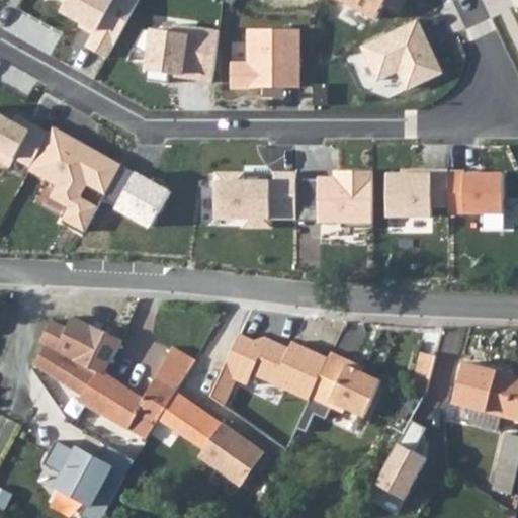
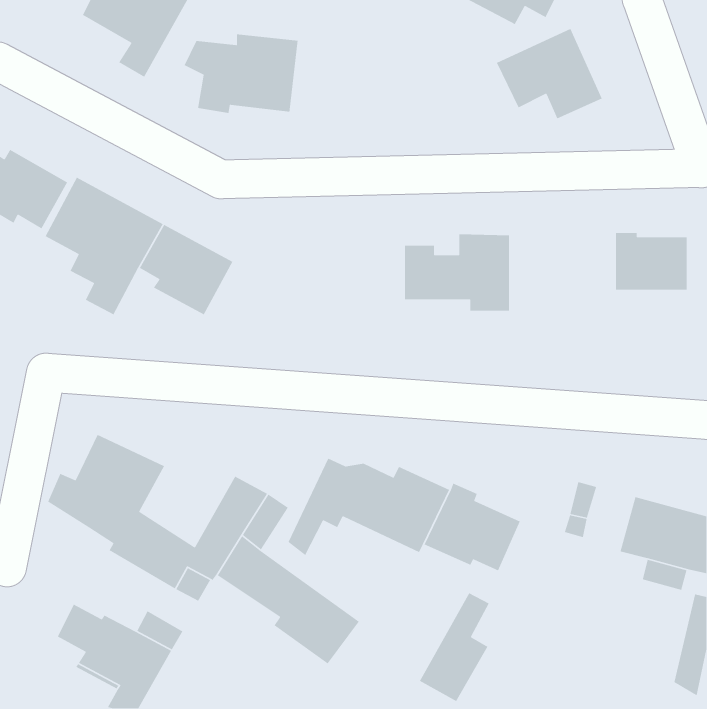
building: [229,28,296,88] -> none
building: [385,168,430,218] -> none
building: [213,172,294,227] -> none
building: [374,418,426,498] -> [419,592,490,702]

